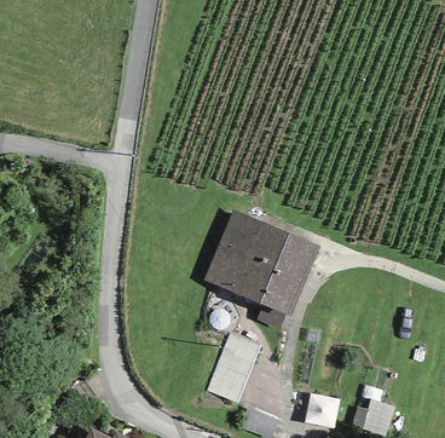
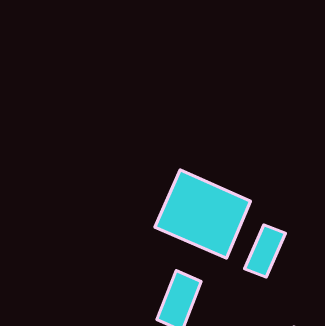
building: none -> [245,225,286,277]

